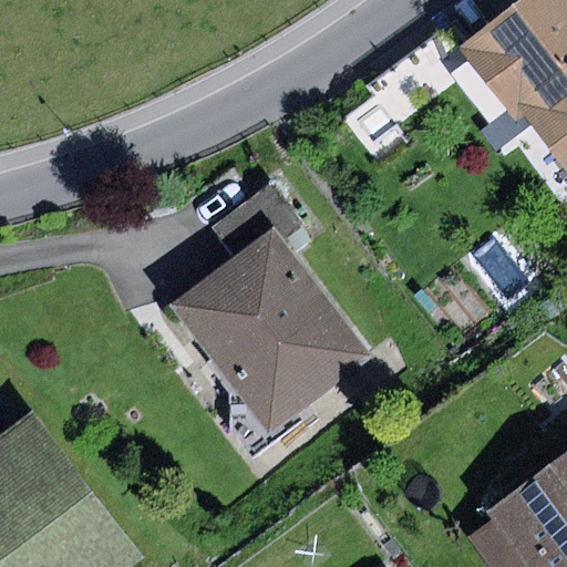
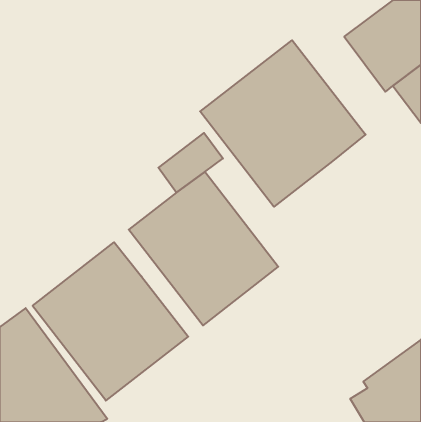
building: none -> [200,40,366,207]
building: none -> [33,242,188,401]

